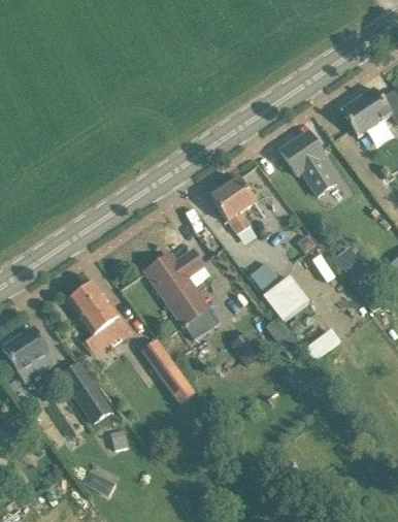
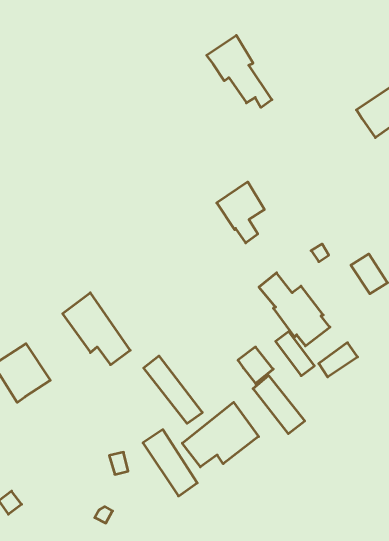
building: [280,131,341,198] -> [207,35,272,107]
building: [145,250,218,339] -> none
building: none -> [253,376,305,434]
building: [60,361,110,423] -> [143,430,197,496]
building: none -> [182,402,259,467]

